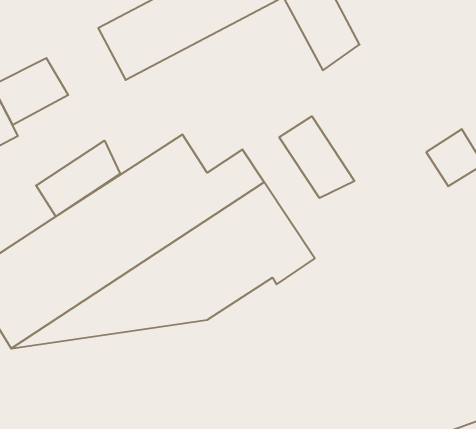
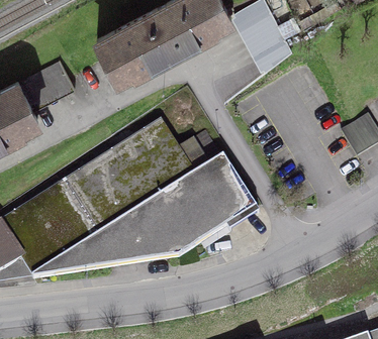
building: [279,116,354,198] -> none
building: [36,141,120,217] -> none

